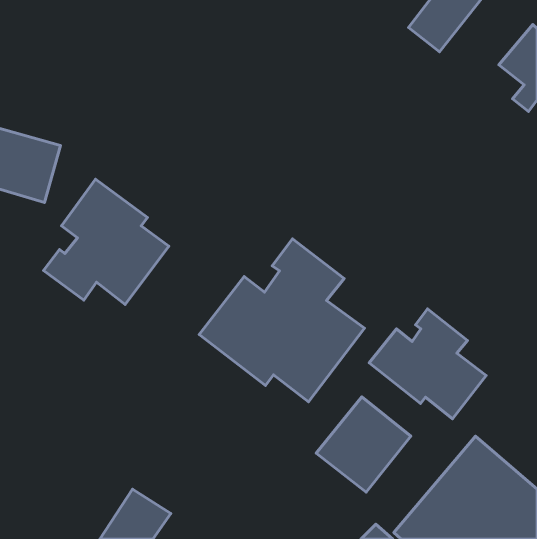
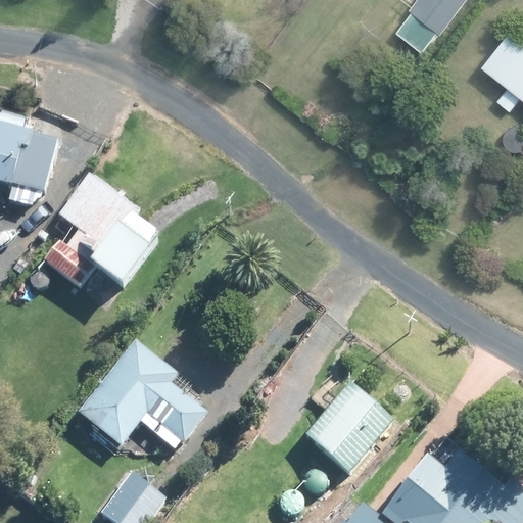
building: [199,239,365,402] -> none
building: [369,309,486,419] -> none
building: none -> [79,340,210,454]

